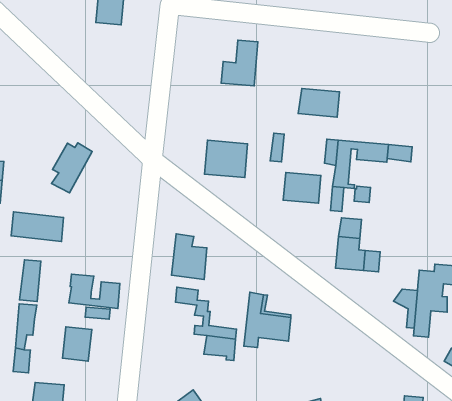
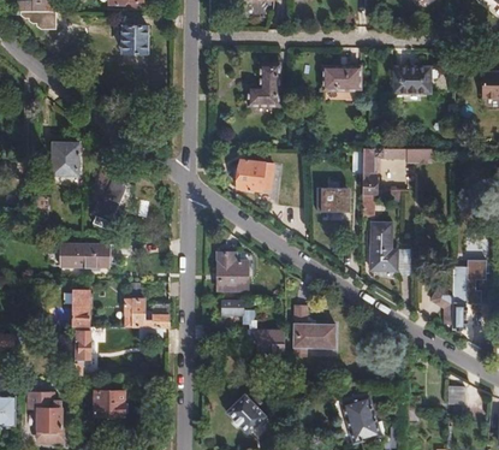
building: none -> [391,67,427,93]
building: [298,89,340,117] -> [321,66,358,90]
building: none -> [55,144,79,176]
building: [62,327,92,361] -> none

